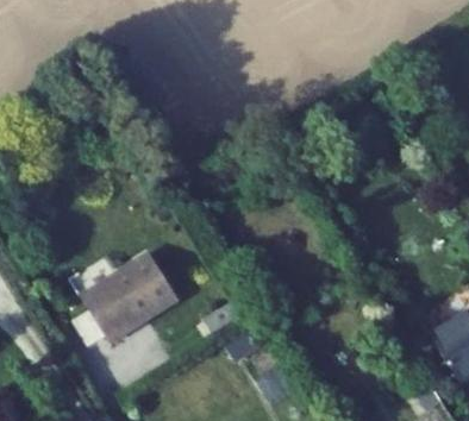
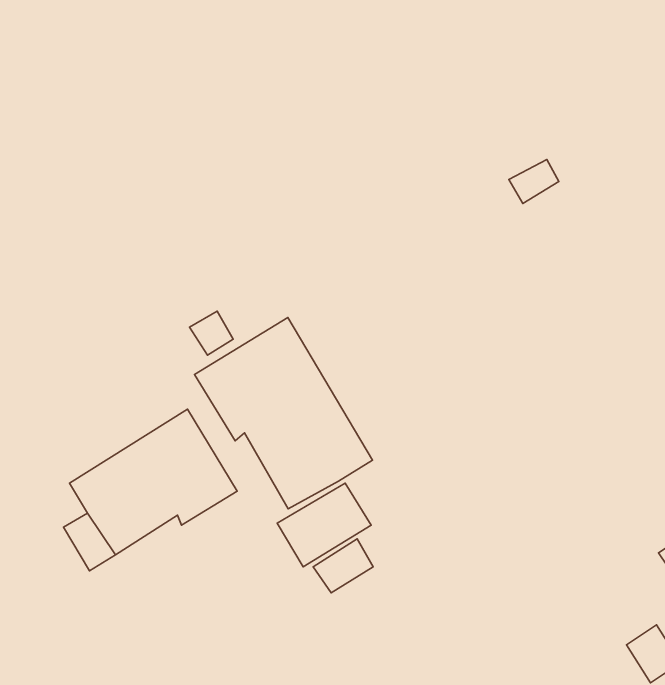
building: none -> [195,318,372,509]

